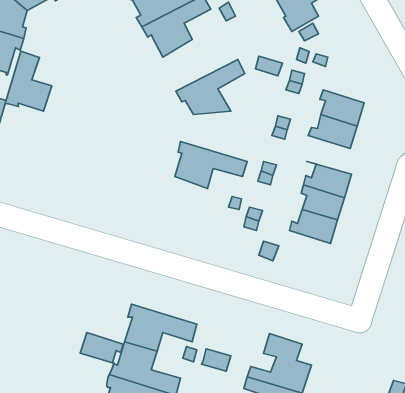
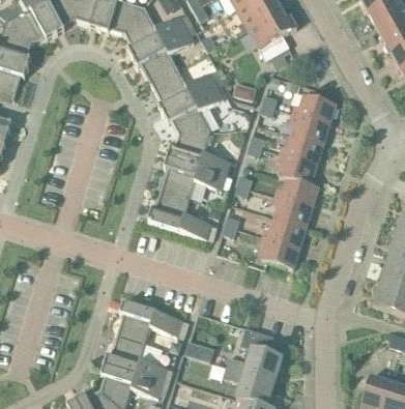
building: none -> [151,62,218,113]
building: [5,51,52,111] -> none
building: none -> [293,93,336,123]
building: none -> [167,130,230,175]
building: none -> [278,152,319,186]
building: none -> [148,188,211,237]
building: none -> [261,236,299,268]
building: [80,333,123,363] -> none

